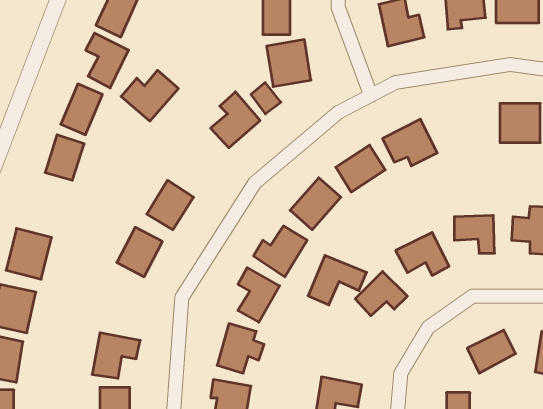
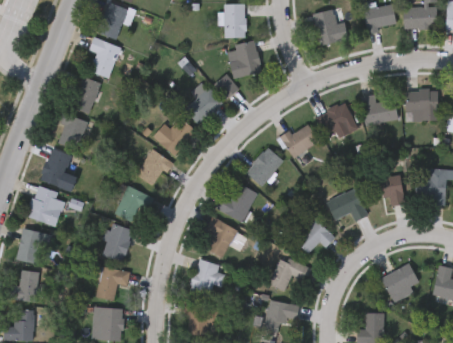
building: [121,70,178,121] -> [152,117,196,156]
building: none -> [361,94,397,125]
building: none -> [39,148,77,192]
building: [308,255,367,305] -> [267,255,312,293]
building: none -> [101,223,132,261]

